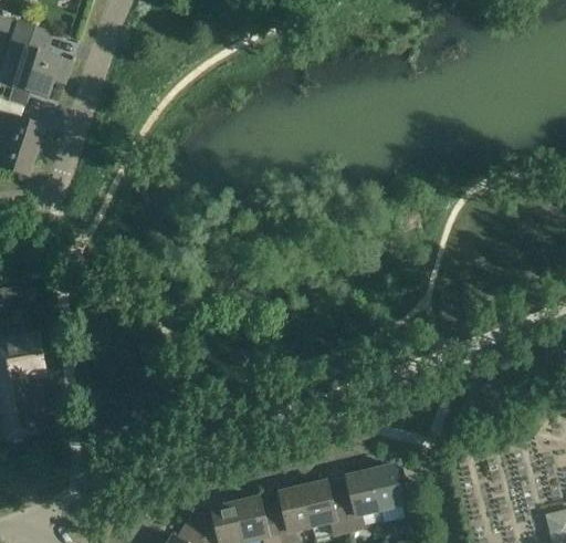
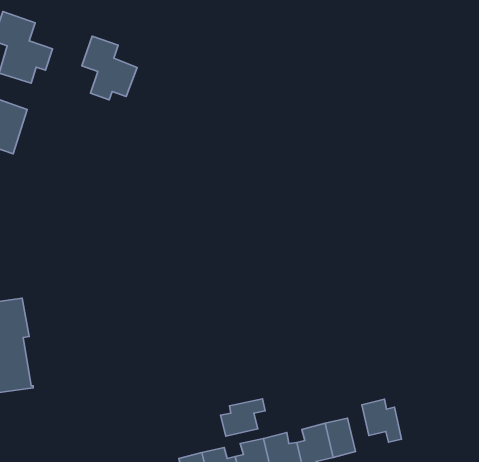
building: none -> [82,36,137,100]
building: none -> [221,399,265,436]
building: none -> [362,399,401,442]

